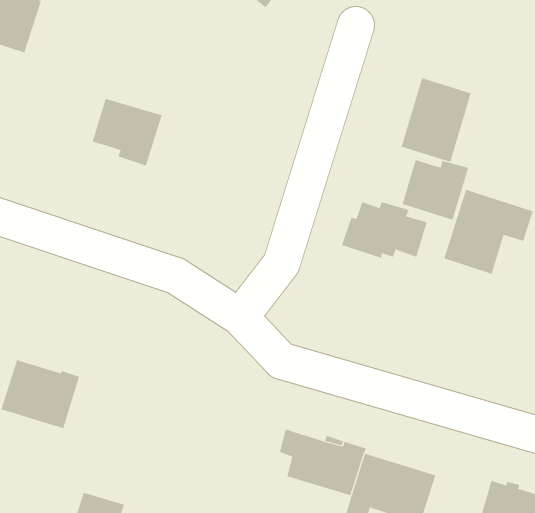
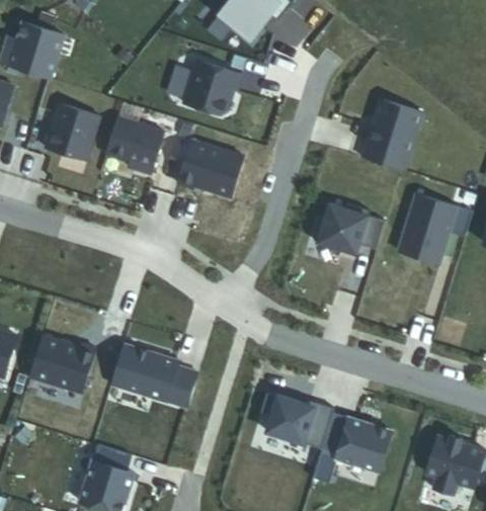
building: none -> [182,60,241,114]
building: none -> [44,103,99,161]
building: none -> [176,140,242,197]
building: [402,159,469,221] -> none
building: none -> [122,348,197,408]

